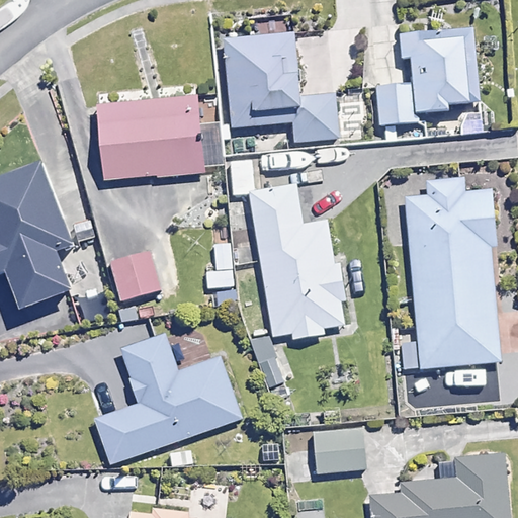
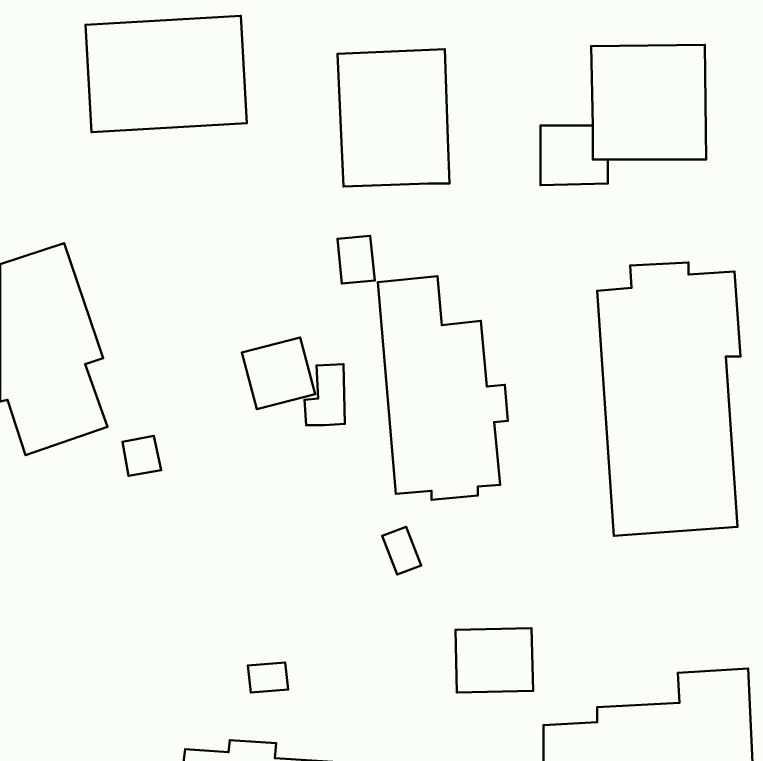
building: [290,94,335,142] -> none
building: [94,98,203,177] -> [86,16,247,132]
building: [107,250,157,298] -> [242,338,315,409]
building: [96,333,241,462] -> none

